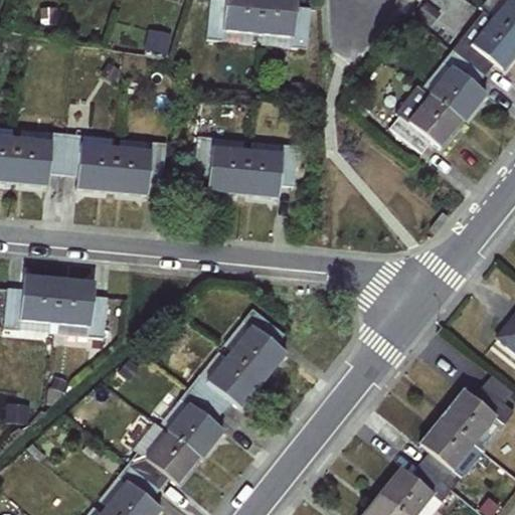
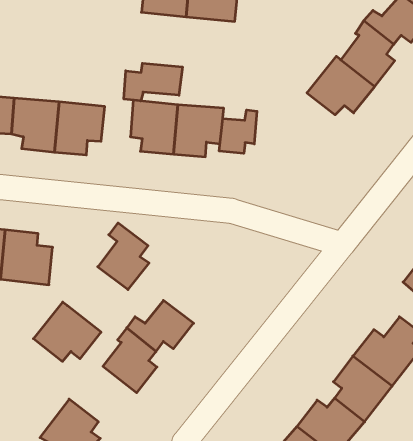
building: none -> [124,63,182,101]
building: none -> [219,110,257,153]
building: [230,308,287,381] -> [98,223,149,290]
building: [127,424,201,490] -> [33,302,101,361]

